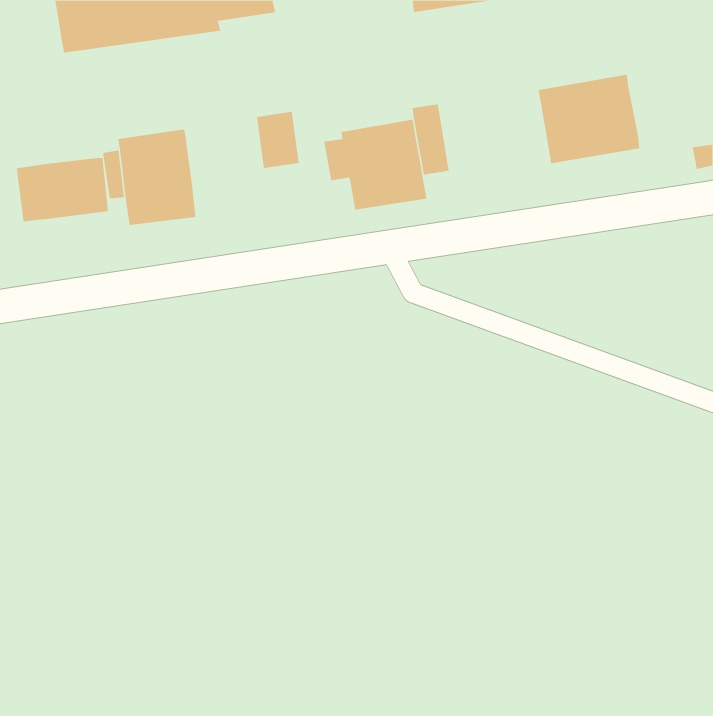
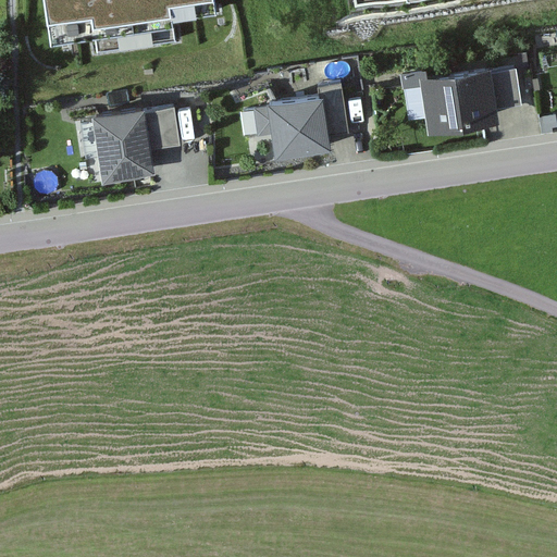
building: none -> [488,62,520,106]
building: [256,111,300,169] -> [145,101,178,146]
building: [16,157,108,222] -> none

